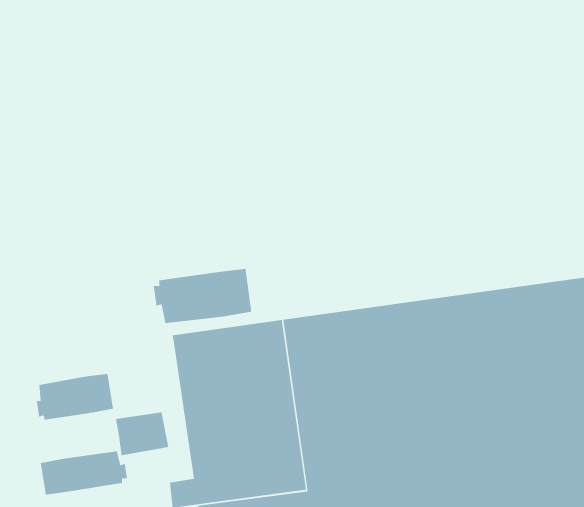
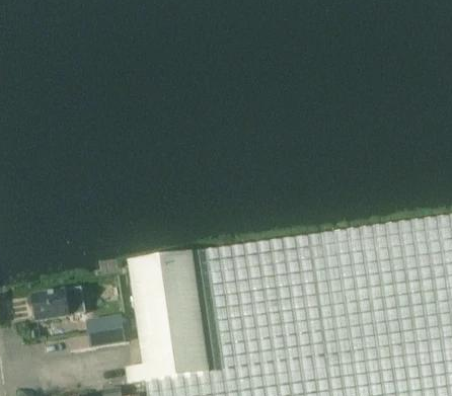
building: [153,268,252,324] -> none
building: [40,450,128,495] -> none

